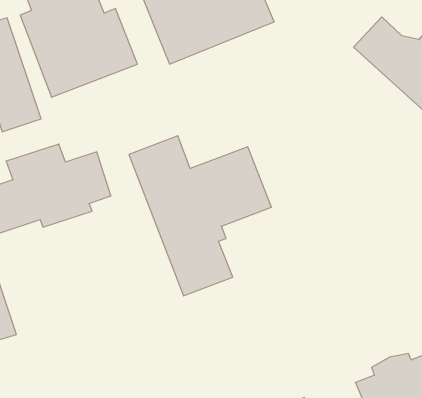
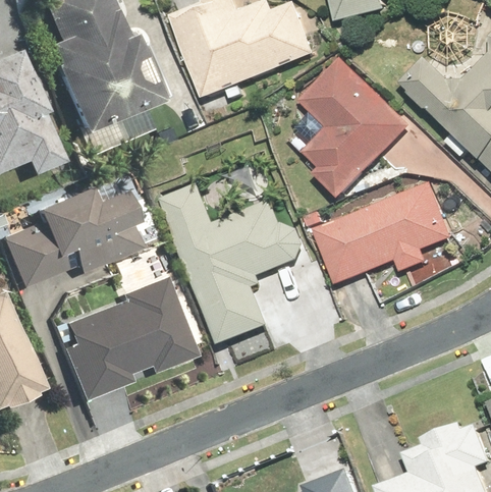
building: none -> [297,56,416,206]
building: none -> [315,184,456,285]
building: none -> [52,283,192,407]

